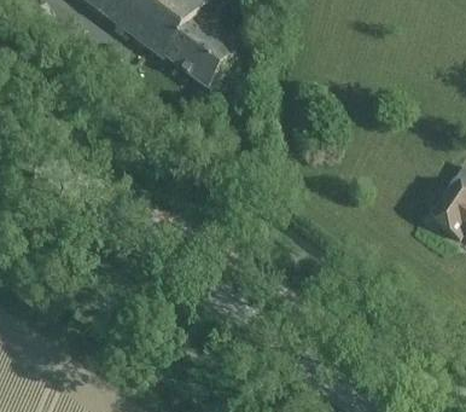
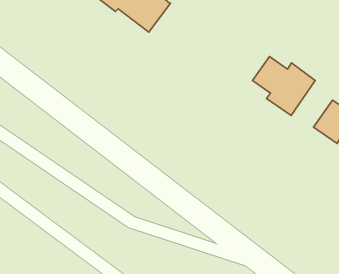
building: none -> [253,57,315,115]

